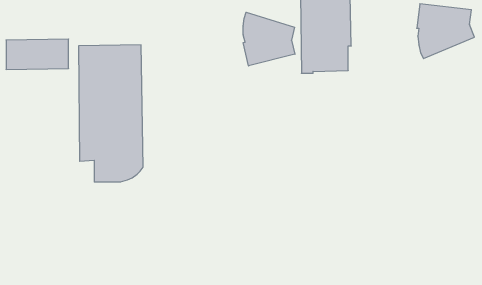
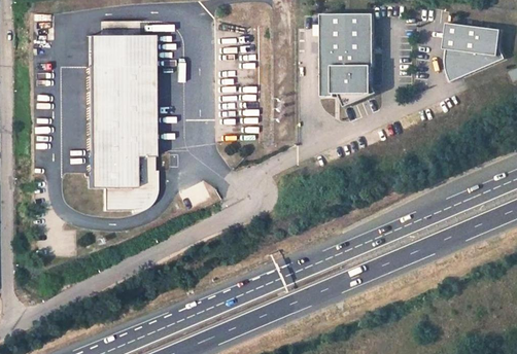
building: [243,12,295,66] -> none
building: [6,39,69,69] -> [88,35,153,67]

